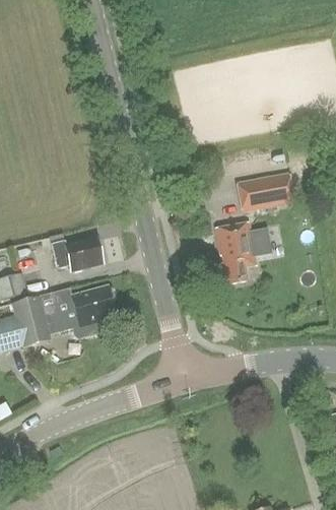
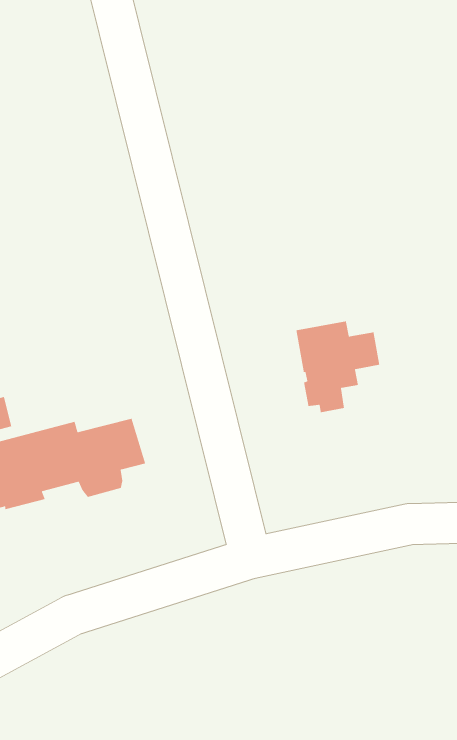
building: [237,173,293,210] -> none
building: [51,238,102,269] -> none

